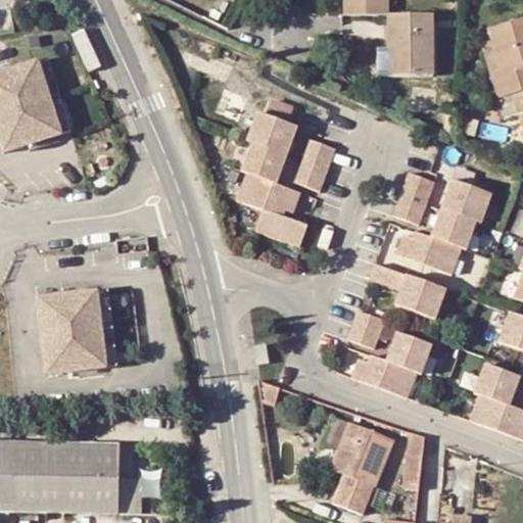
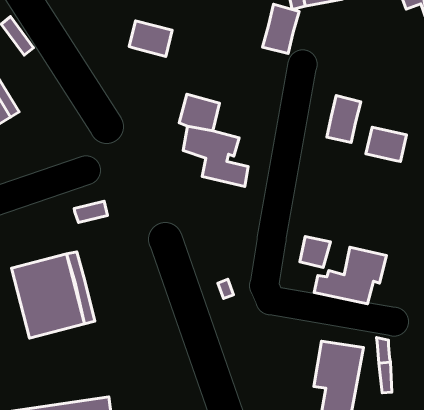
building: [249,114,297,157] -> [129,21,172,57]
building: [290,139,335,193] -> [263,4,299,53]
building: [441,183,489,226] -> none
building: [395,230,460,275] -> none
building: [372,263,444,317] -> none

